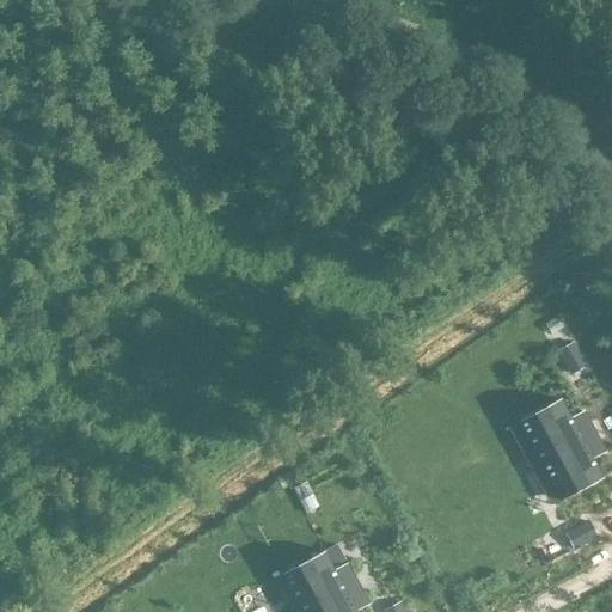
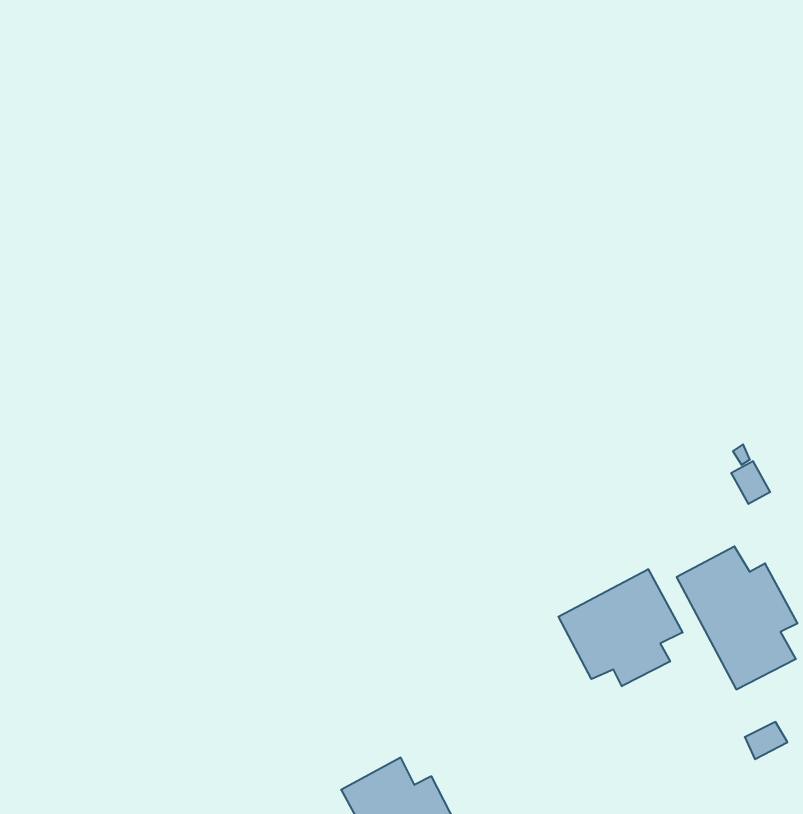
building: none -> [558,569,683,686]

